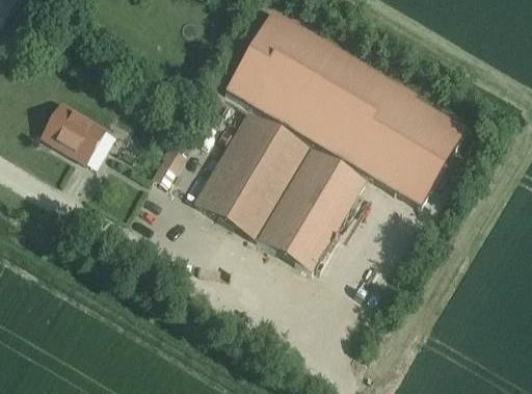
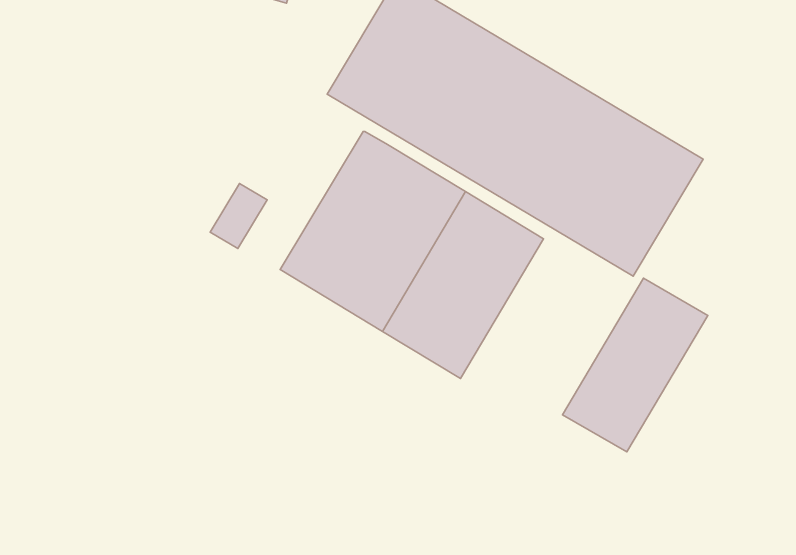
building: [43,100,106,158] -> none
building: none -> [563,278,708,452]

